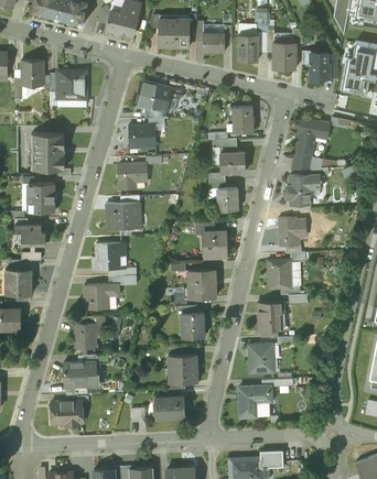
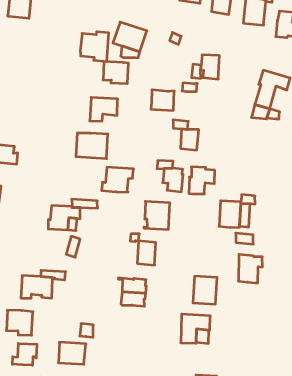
building: [56,70,86,101] -> [80,32,109,62]
building: [32,134,63,171] -> none
building: [219,152,245,174] -> [151,90,174,110]
building: [289,175,319,205] -> none
building: [29,183,54,213] -> none
building: [279,218,306,248] -> [189,167,215,194]
building: [93,243,125,270] -> [102,167,134,192]
building: [257,303,283,331] -> [238,254,262,283]
building: [74,324,96,349] -> none
building: [155,396,184,420] -> [58,342,86,364]
building: none -> [12,343,37,365]

